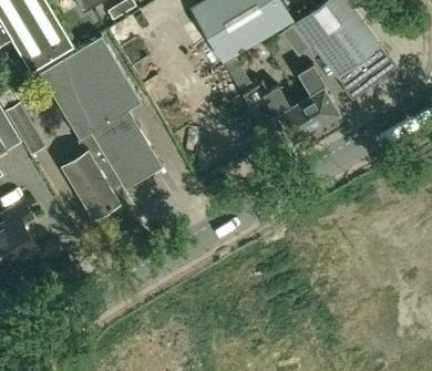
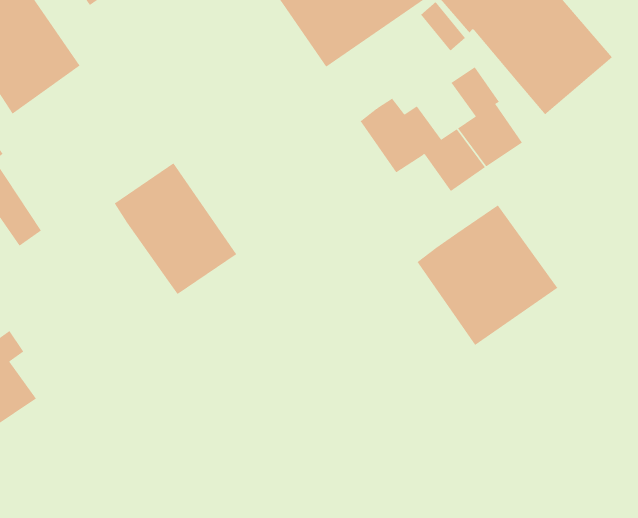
building: [32,35,141,140] -> none
building: [61,145,119,219] -> none
building: none -> [416,204,558,346]

